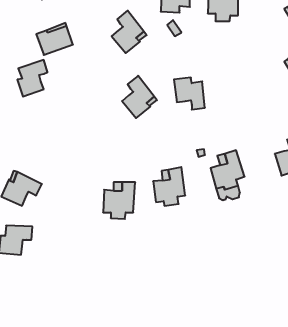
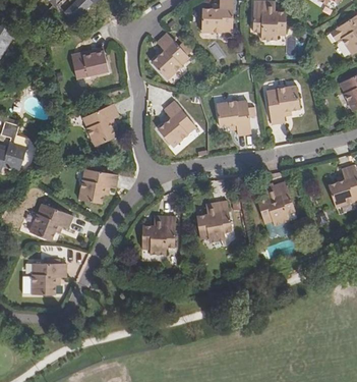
building: [17,60,48,97] -> [84,103,117,143]
building: none -> [266,85,299,123]
building: none -> [79,170,119,203]

